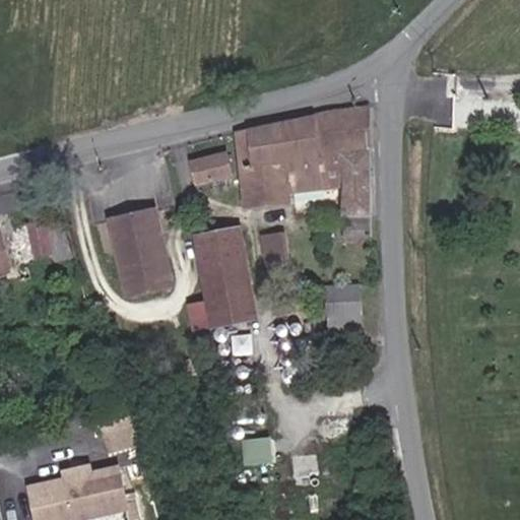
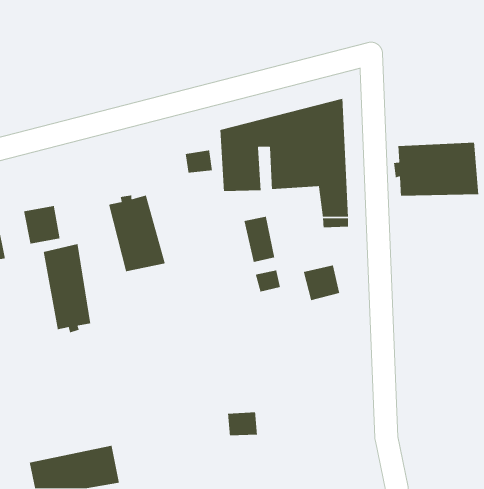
building: none -> [393,142,479,196]
building: [187,224,257,331] -> none
building: none -> [43,243,91,333]

